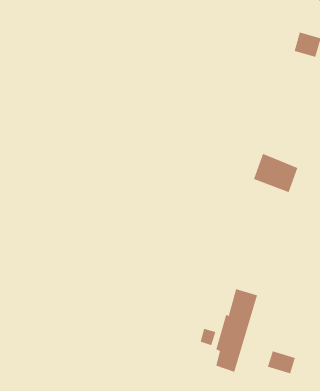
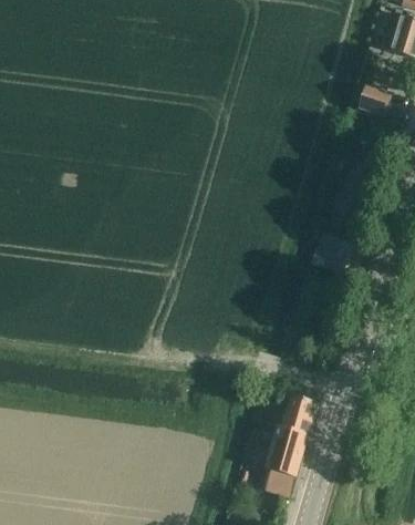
building: [267,351,296,374] -> none

